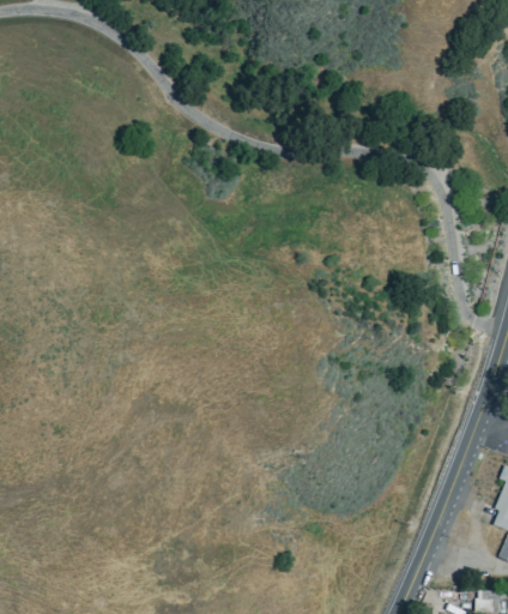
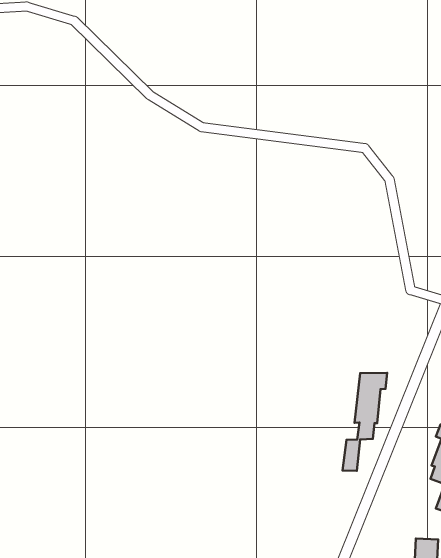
building: none -> [343,373,387,471]

